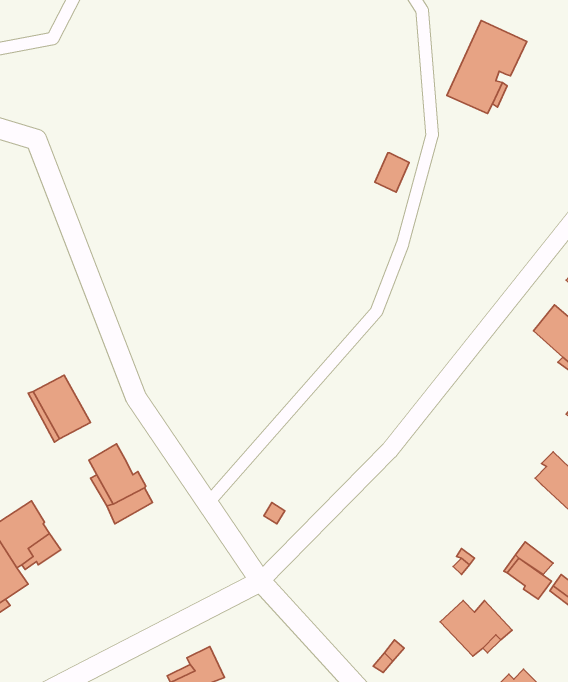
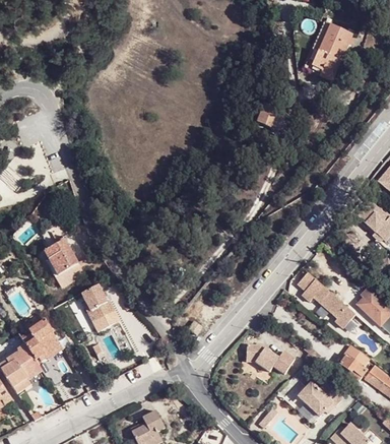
building: none -> [297,272,354,328]
building: none -> [243,347,290,376]

